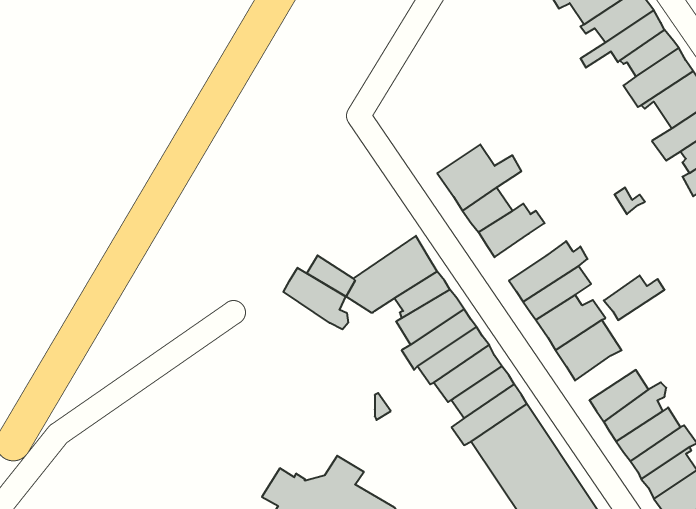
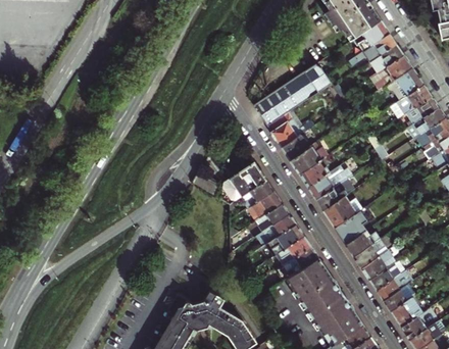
building: none -> [253,56,335,126]
building: none -> [299,160,329,187]
building: [283,268,348,329] -> none
building: [604,275,665,320] -> [345,230,380,255]

